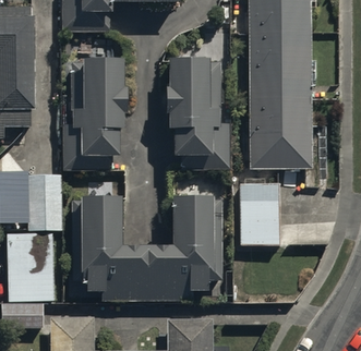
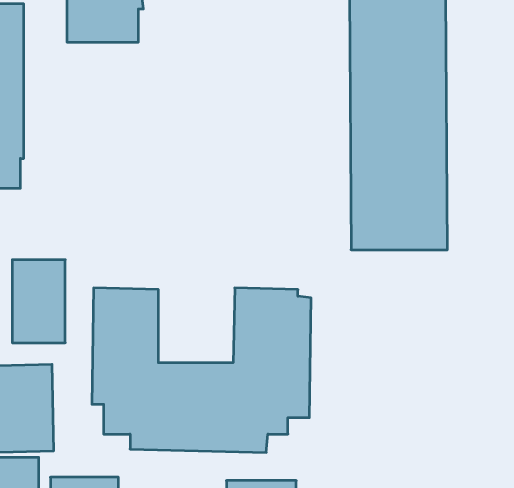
building: [166,57,231,172] -> none
building: [63,58,127,170] -> none
building: [240,184,278,245] -> none

